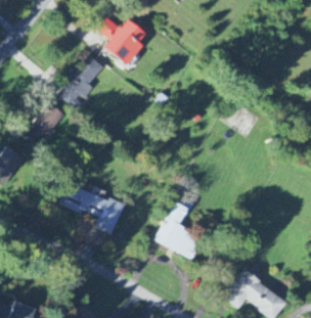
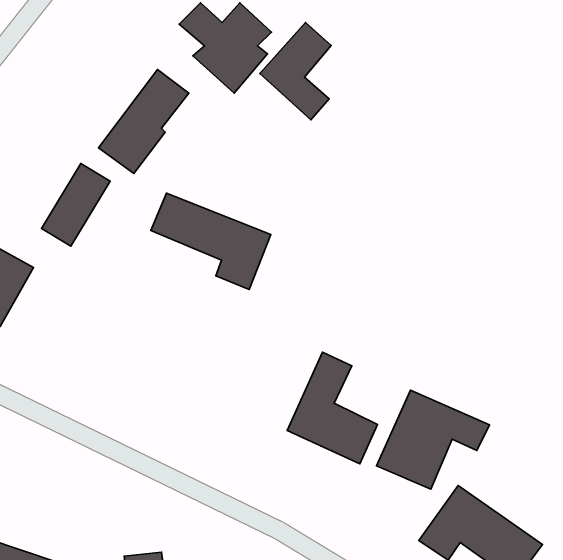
building: none -> [260,22,331,120]
building: [61,183,124,233] -> [151,193,271,289]
building: none -> [376,390,489,489]

